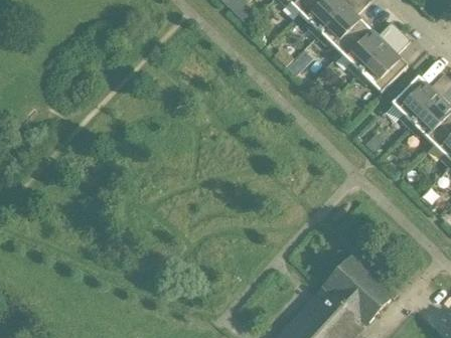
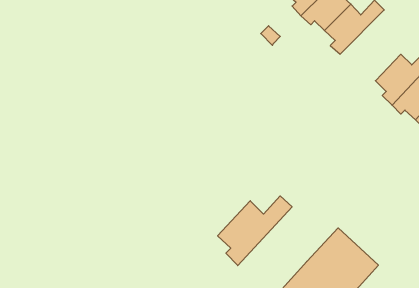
building: [356,30,411,92] -> none
building: none -> [218,196,292,266]

